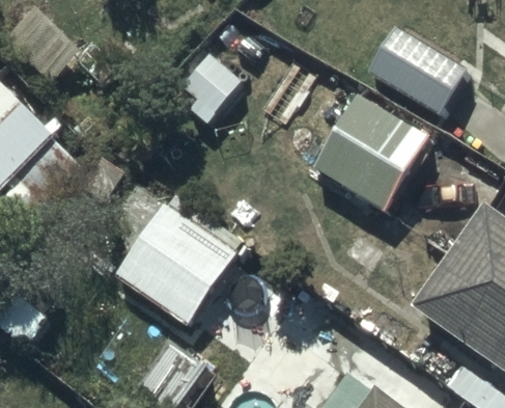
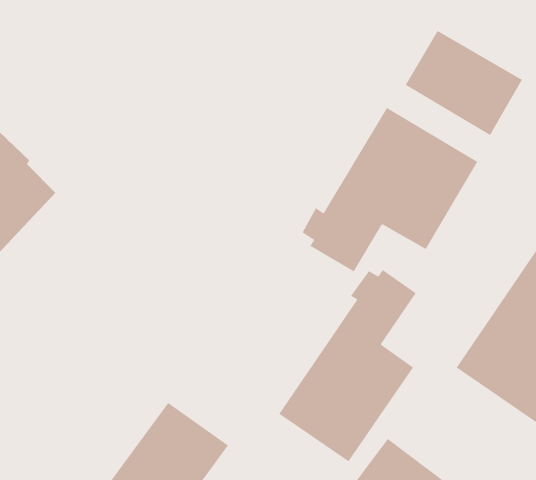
building: [89,186,245,326] -> none
building: none -> [278,269,416,462]

